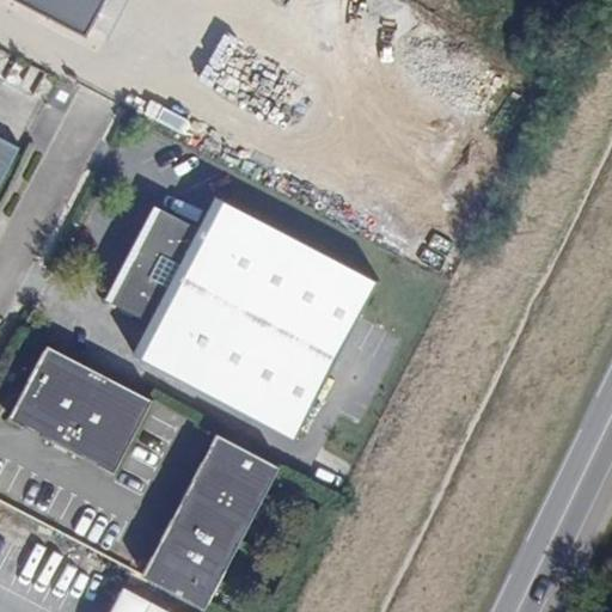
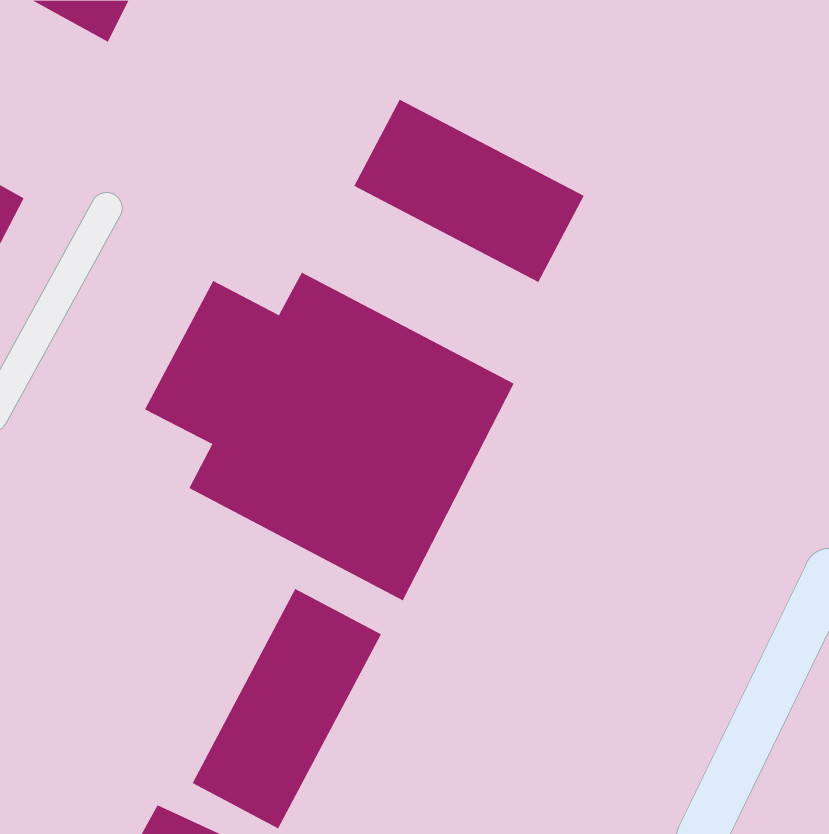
building: none -> [354,99,584,283]
building: [8,344,151,472] -> none

